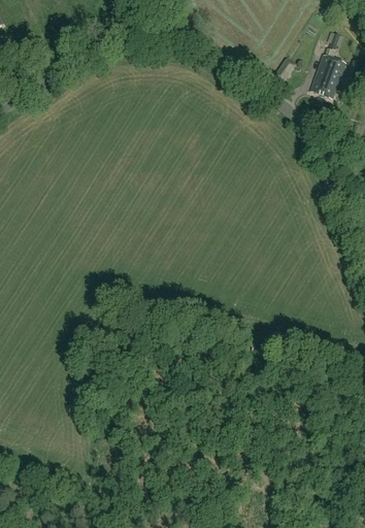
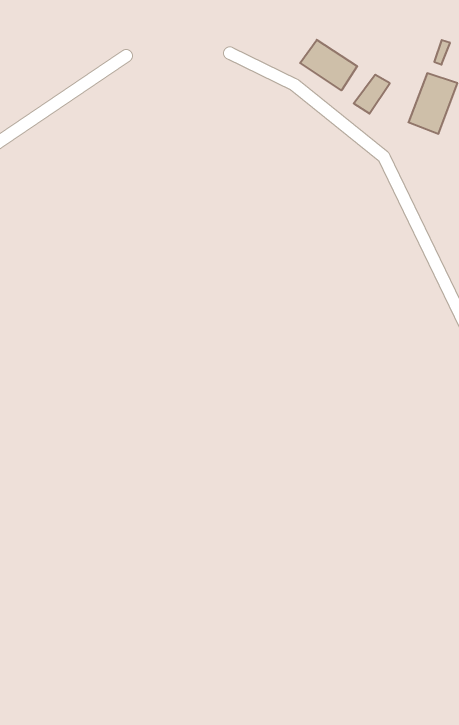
building: none -> [300,40,357,90]

